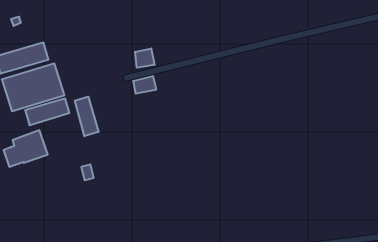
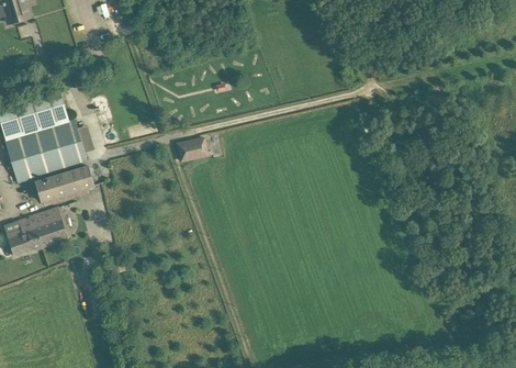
building: [135,48,155,68] -> none
building: [75,97,99,136] -> none

